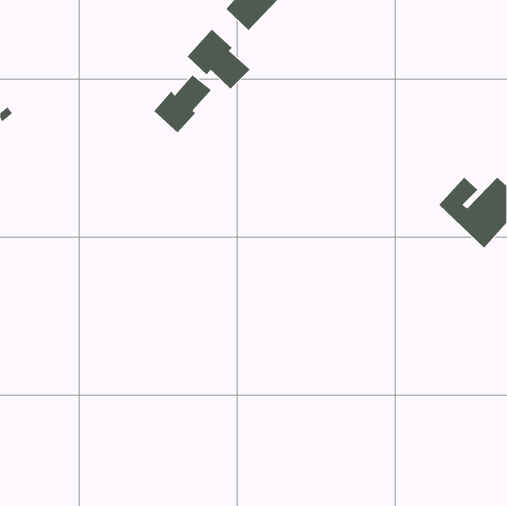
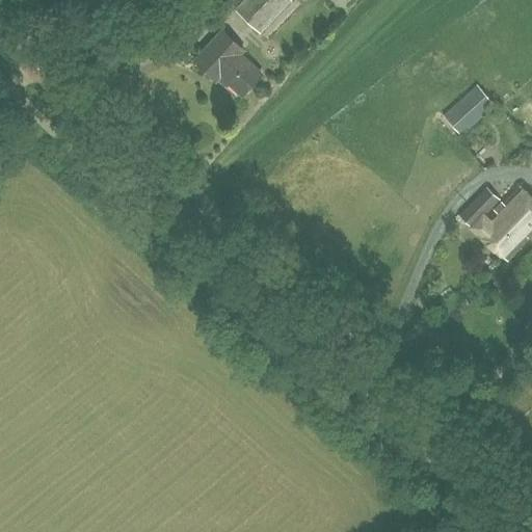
building: [153,74,212,133] -> none
building: none -> [444,83,495,134]

